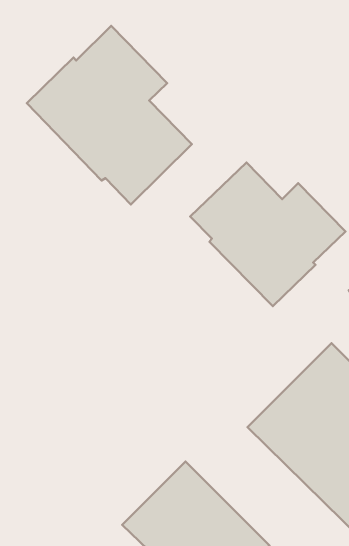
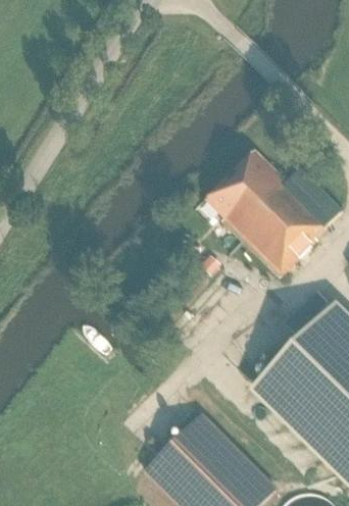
building: [27,26,192,205] -> none

